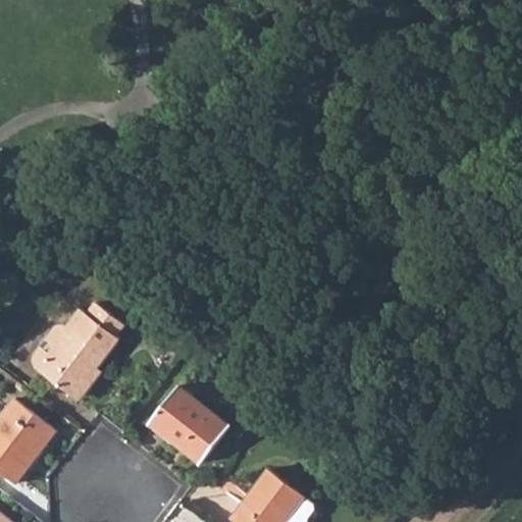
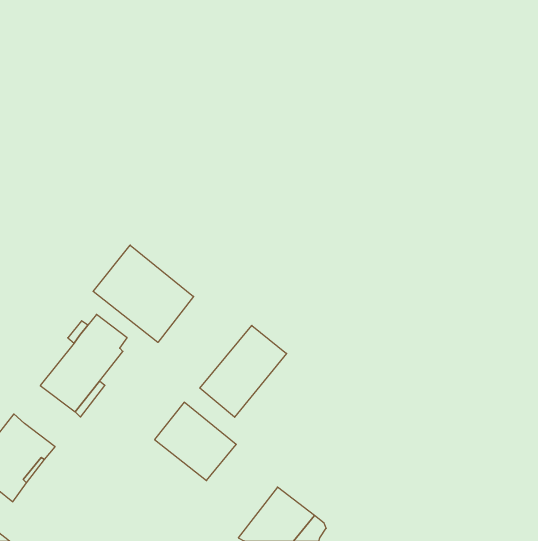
building: none -> [93,245,194,342]
building: none -> [200,325,287,417]

